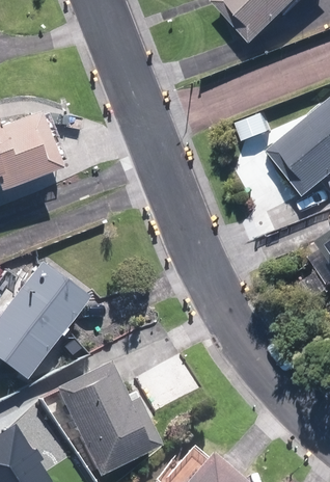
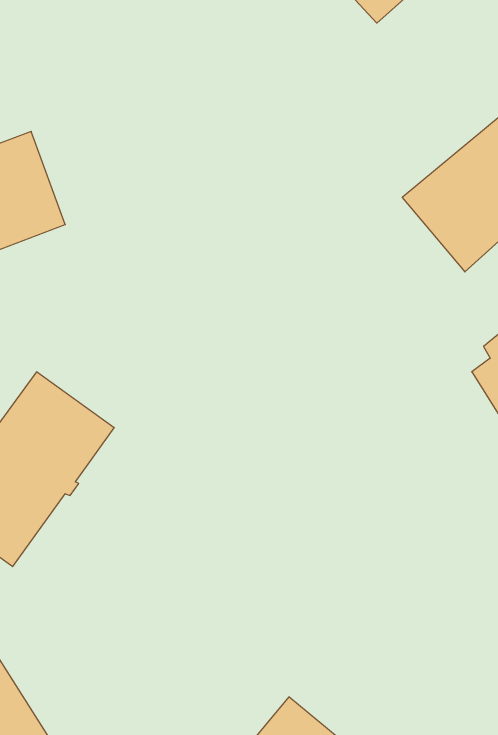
building: [48,357,153,472] -> none

